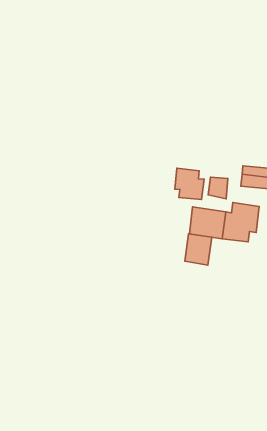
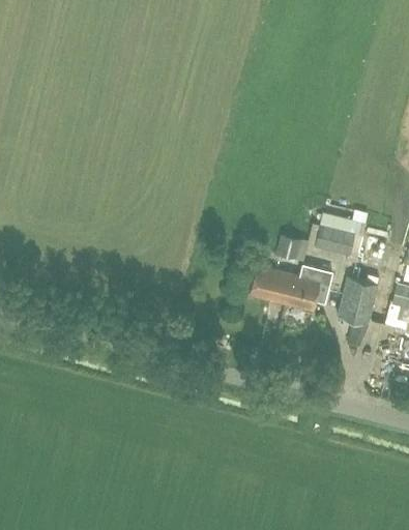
building: [175,168,204,199] -> none
building: [185,234,212,265] -> none

